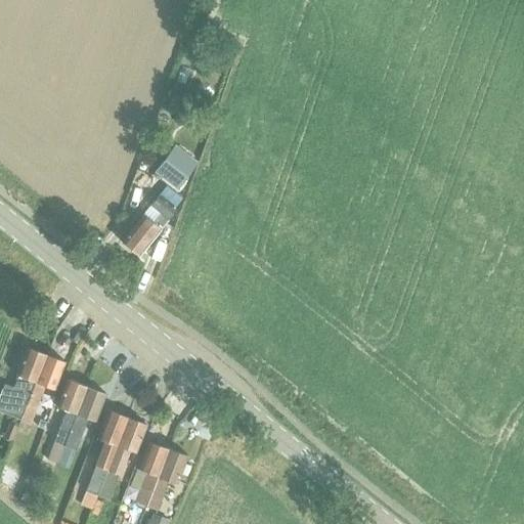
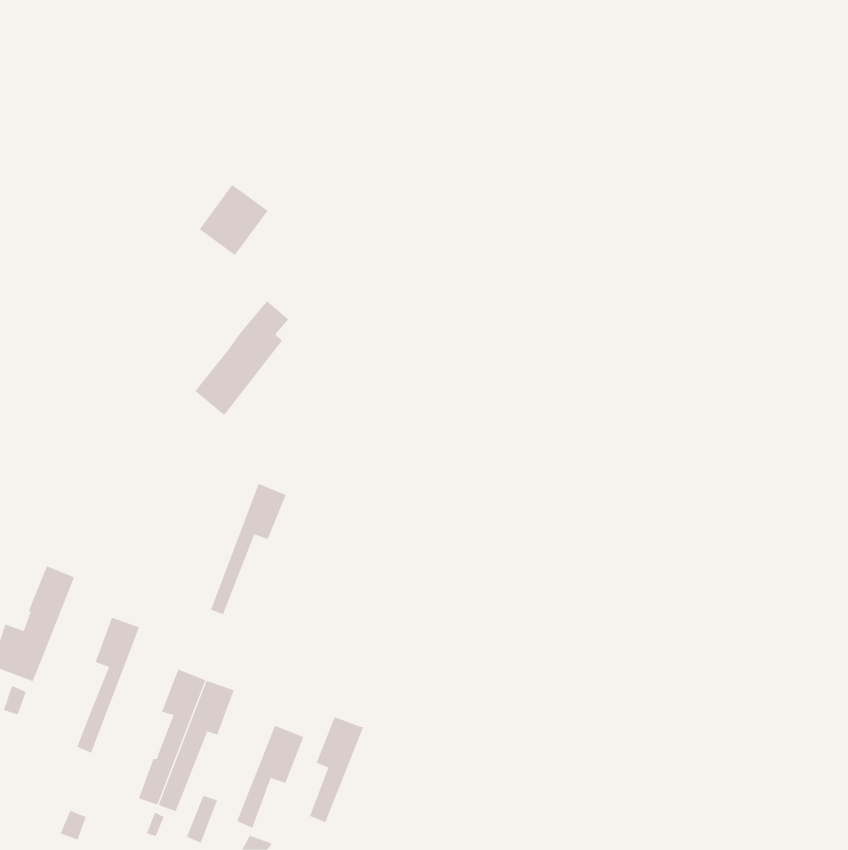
building: [154,146,196,190] -> [199,184,269,256]
building: [20,355,62,424] -> none
building: [56,386,103,467] -> [210,483,287,615]
building: [135,440,169,506] -> [309,716,364,823]

